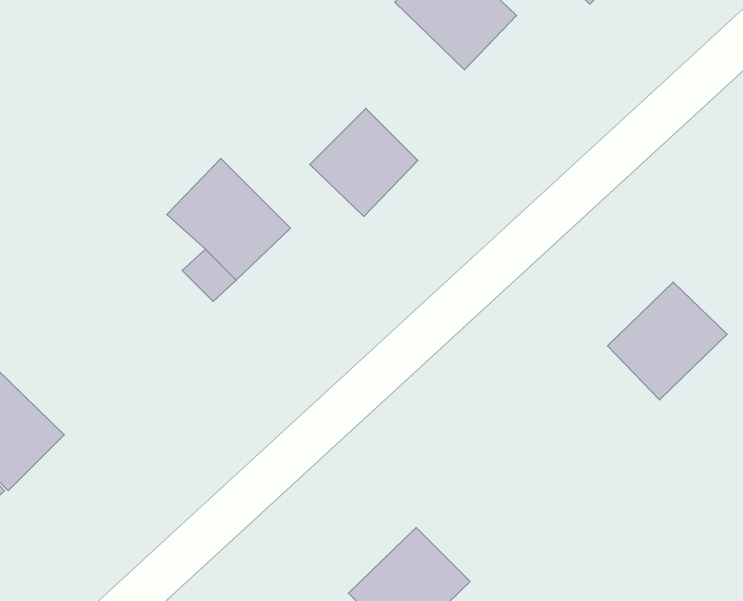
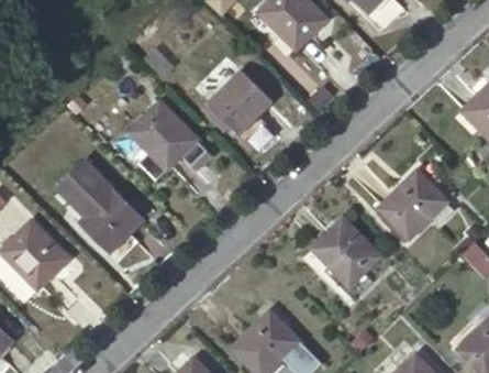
building: none -> [56,160,143,252]
building: none -> [311,218,379,286]

